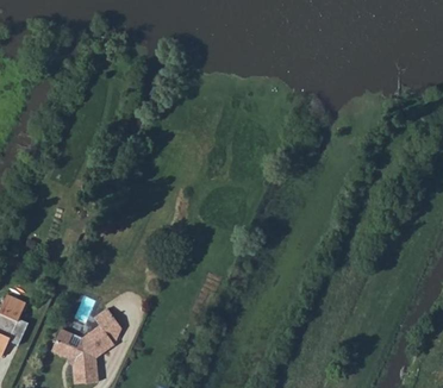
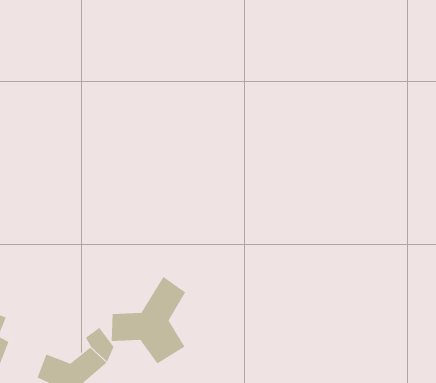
building: none -> [111,276,186,365]

